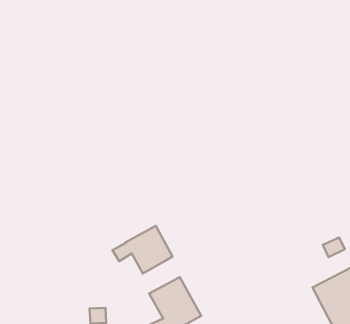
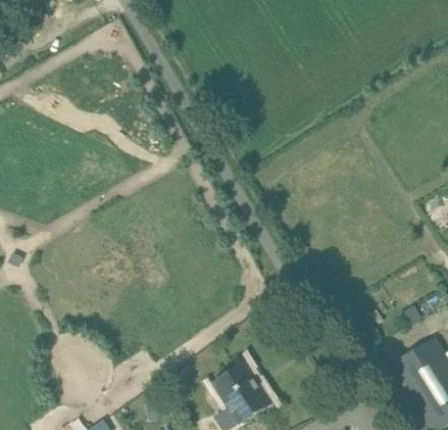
building: [113,226,173,274] -> none

